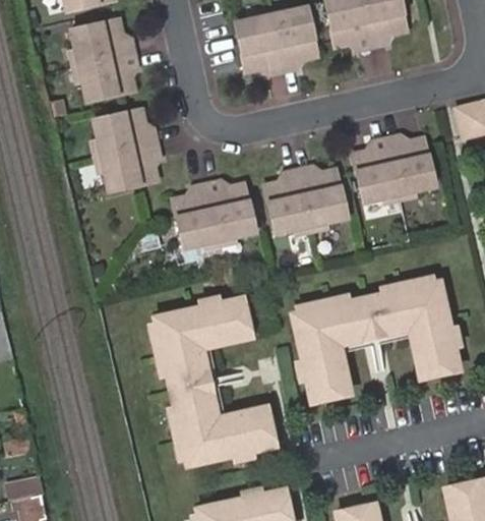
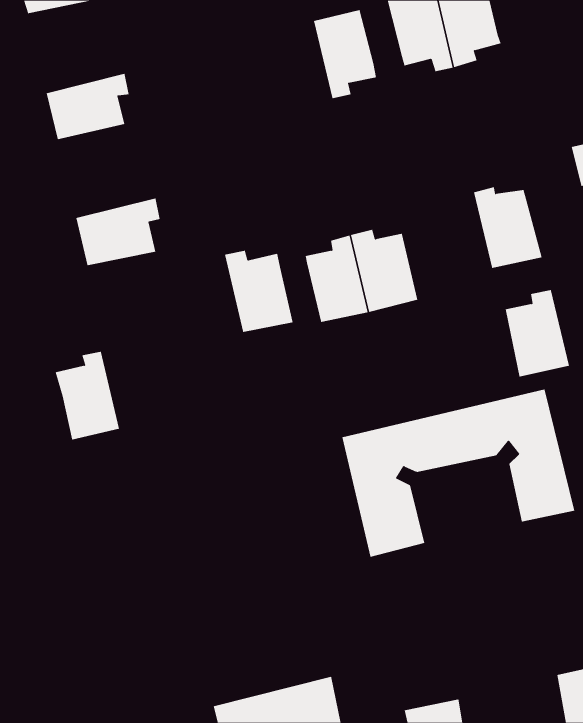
building: [237,15,285,74] -> none
building: [71,20,136,67] -> none
building: [93,110,159,157] -> none
building: [353,138,400,201] -> [505,289,570,377]
building: [174,183,221,247] -> [55,351,120,440]
building: [155,296,277,463] -> none

